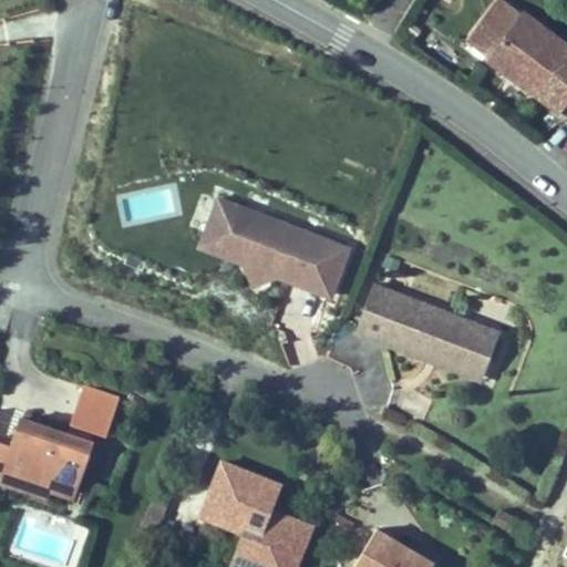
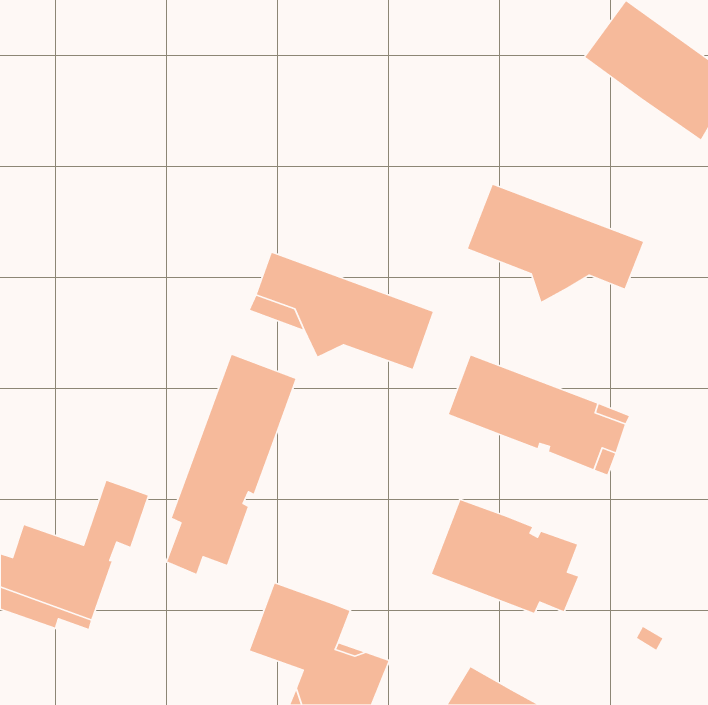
building: none -> [467,184,644,303]
building: none -> [166,354,296,575]
building: none -> [431,499,579,614]

